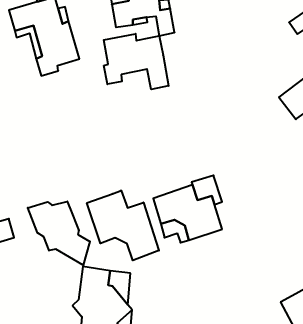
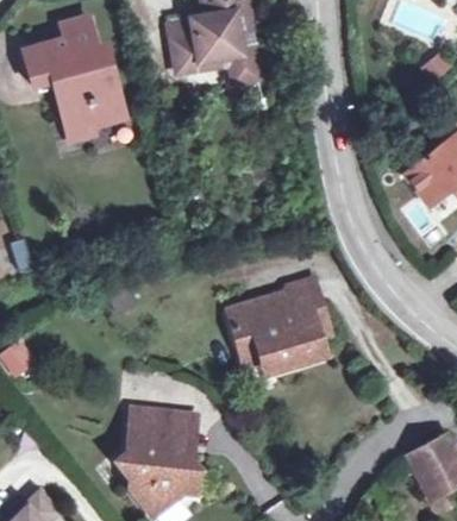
building: [104,34,169,89] -> none
building: [87,190,159,260] -> none
building: [28,201,90,265] -> none

